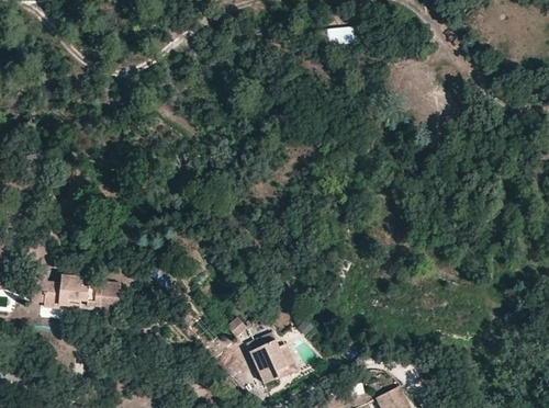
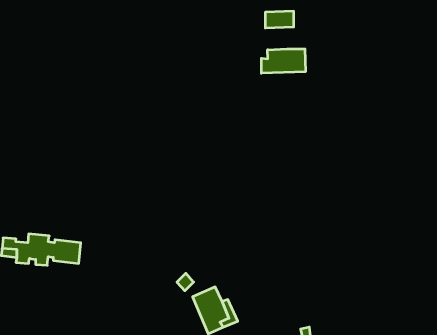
building: none -> [261,49,305,73]

